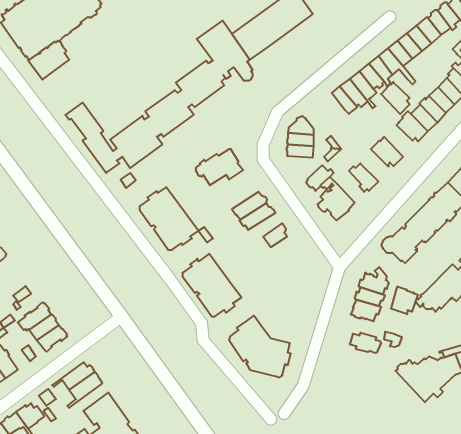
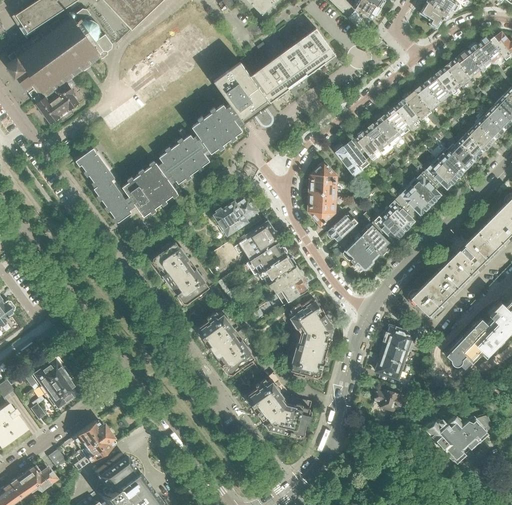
building: [381,82,410,114] -> [410,171,440,205]
building: none -> [334,138,369,176]
building: none -> [385,197,414,231]
building: none -> [308,204,335,225]
building: none -> [238,221,281,260]
building: none -> [361,222,390,254]
building: none -> [267,264,303,293]
building: none -> [282,299,333,377]
building: [391,286,418,314] -> none

